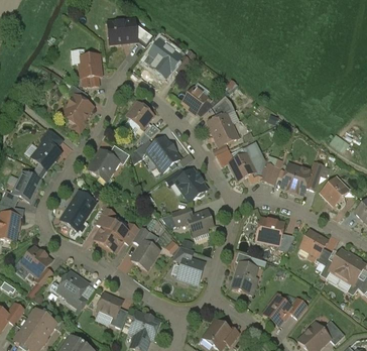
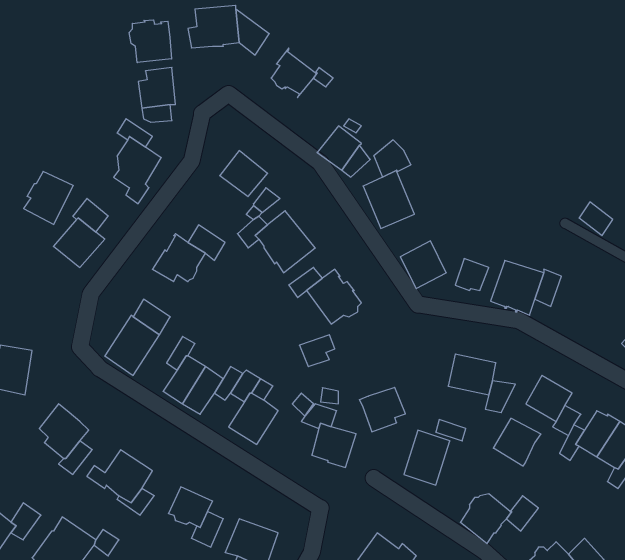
building: none -> [129,20,172,63]
building: [12,170,40,201] -> [24,171,73,224]
building: [321,177,348,204] -> none
building: [187,209,213,234] -> [359,387,405,432]
building: none -> [493,418,541,466]

